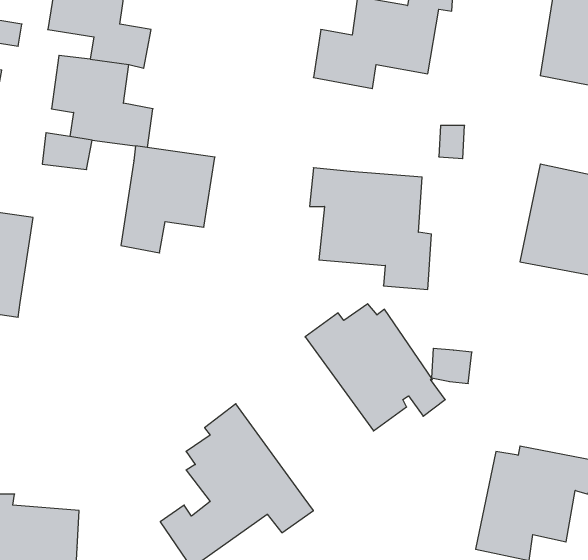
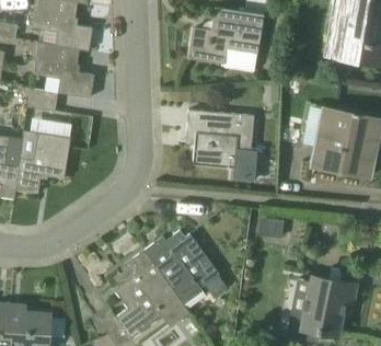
building: [121,146,215,253] -> [15,130,71,194]
building: [305,304,445,431] -> [143,230,227,305]

